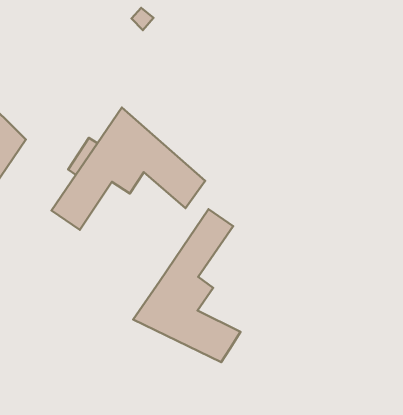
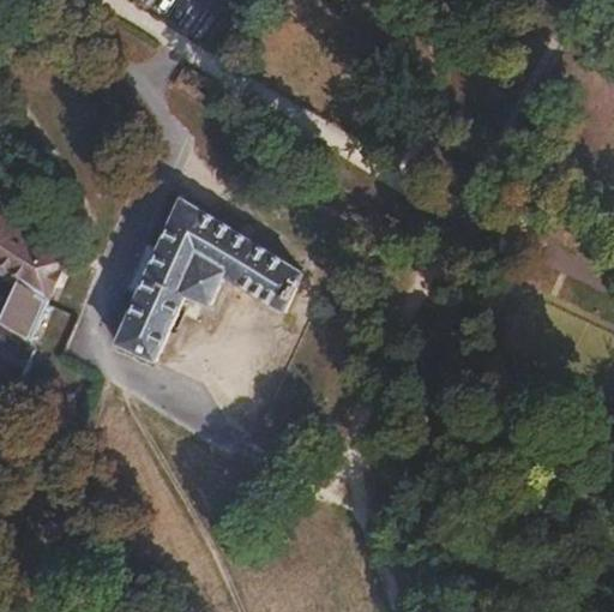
building: [133,209,241,362] -> none

